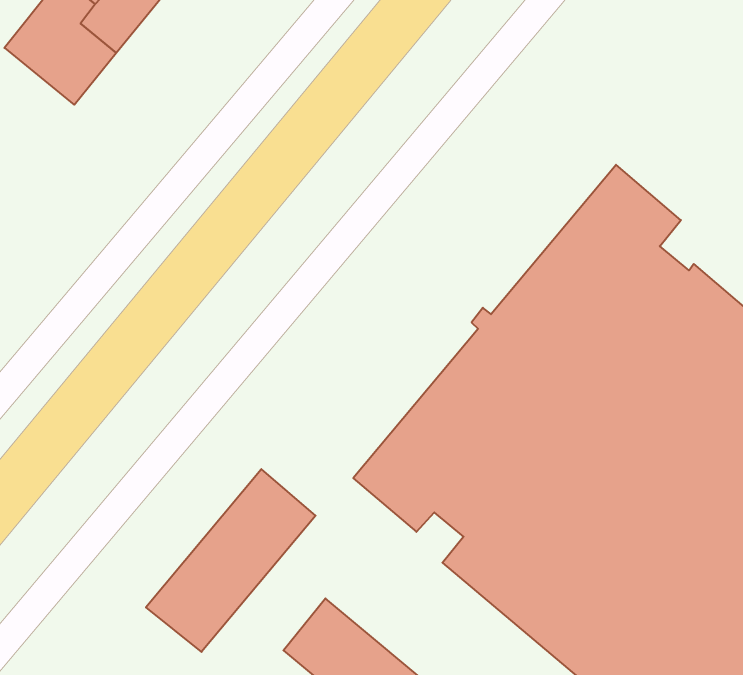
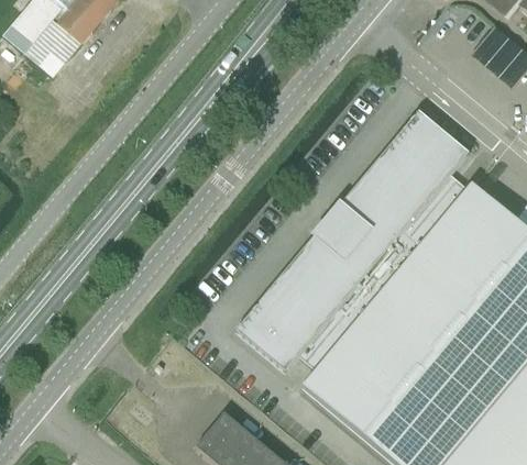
building: [146,469,316,652] -> none

